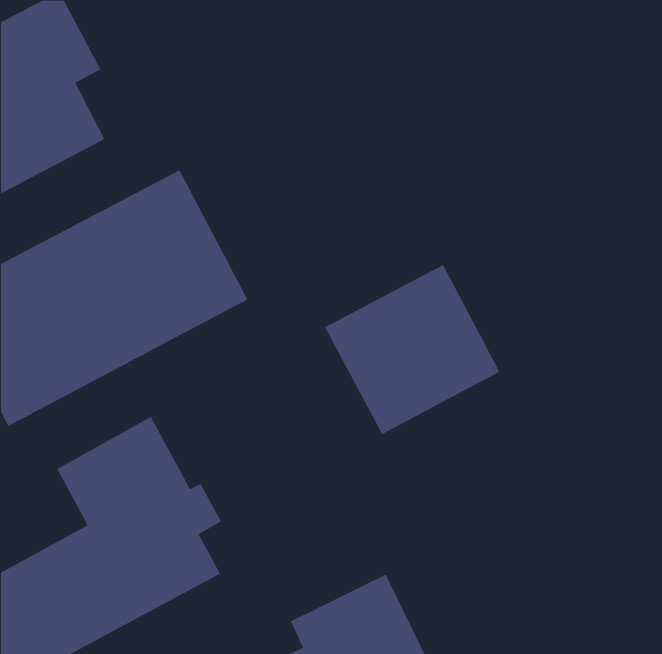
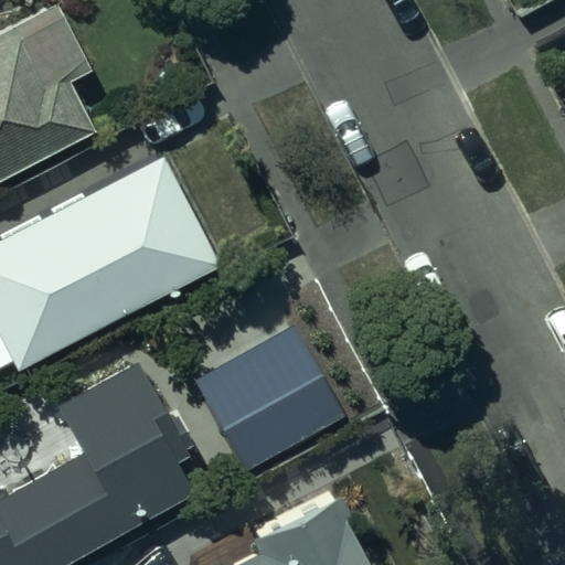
building: [324,264,500,435] -> [193,329,341,472]

